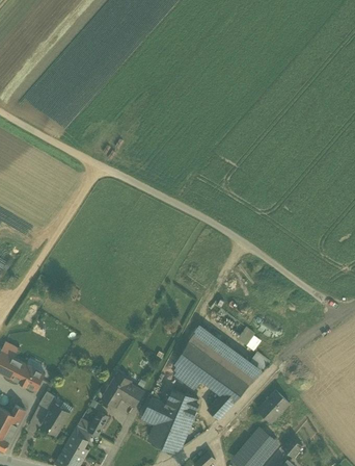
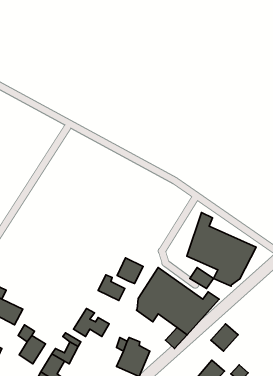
building: none -> [187,213,256,286]
building: none -> [117,258,143,283]
building: none -> [98,275,125,300]
building: [165,389,197,421] -> none

